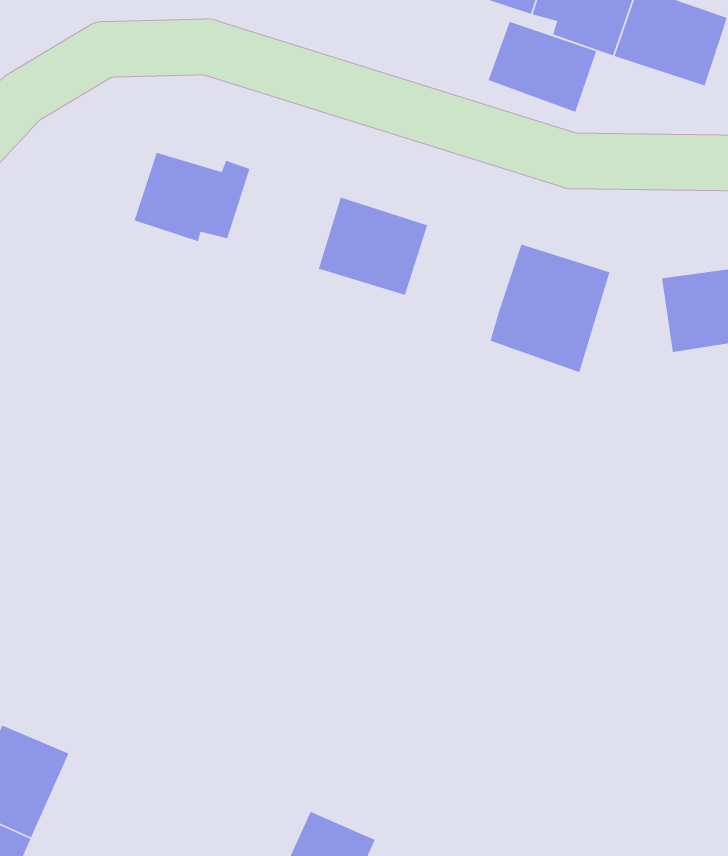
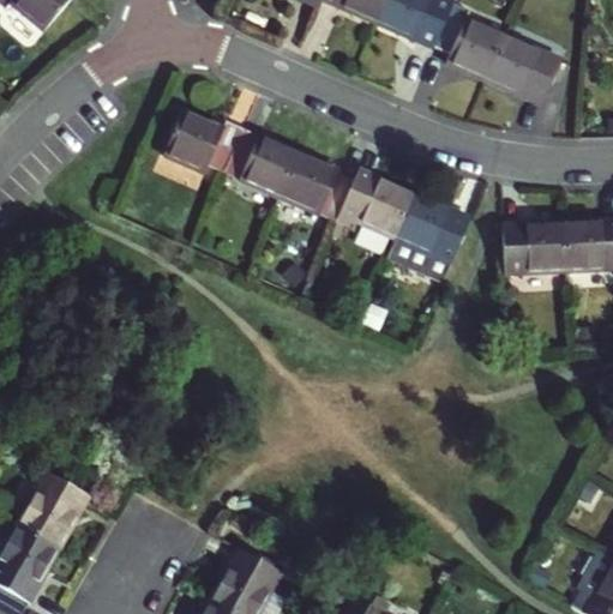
building: [488,21,597,113] -> none
building: none -> [224,127,300,197]
building: none -> [336,175,414,236]

